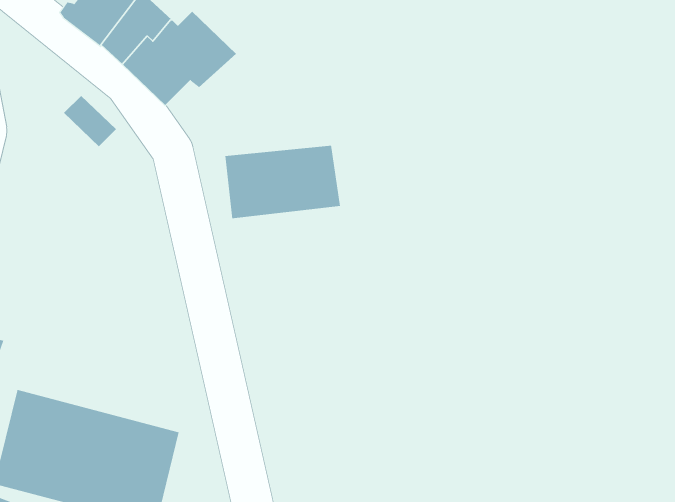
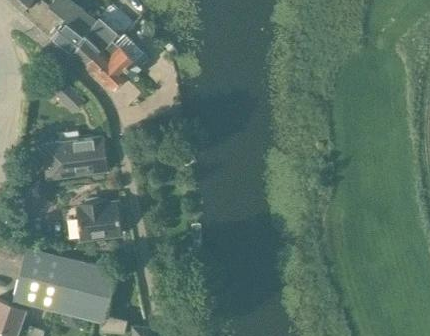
building: [224,145,341,219] -> [43,138,108,179]
building: none -> [65,201,122,241]

